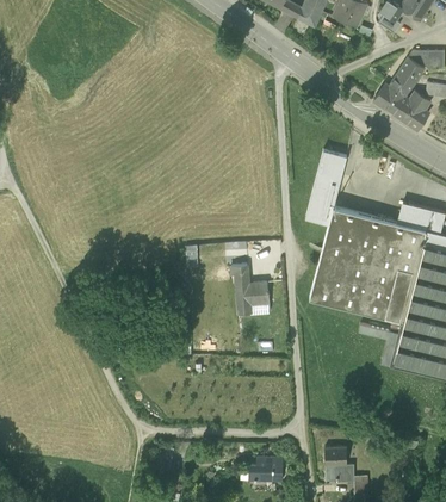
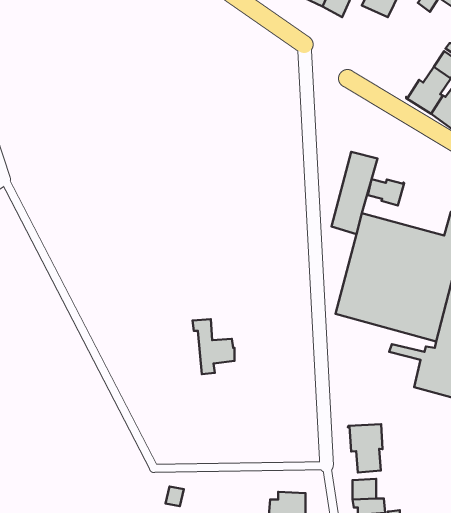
building: none -> [368,179,404,205]
building: [230,265,268,315] -> [193,319,234,374]
building: none -> [348,424,382,473]

